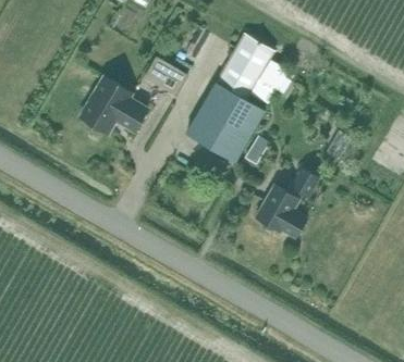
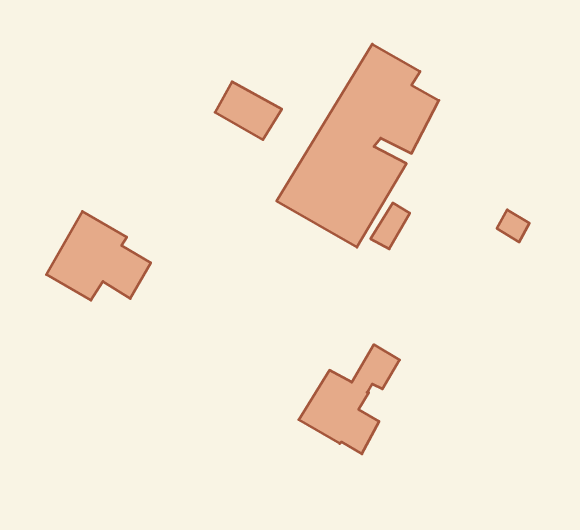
building: [81,76,147,133] -> [46,211,151,300]
building: [254,168,318,238] -> [299,345,400,454]

